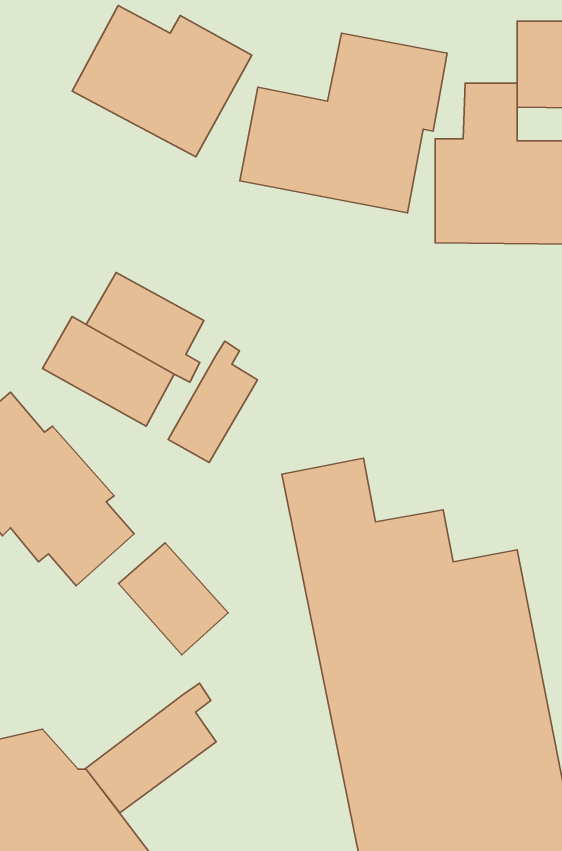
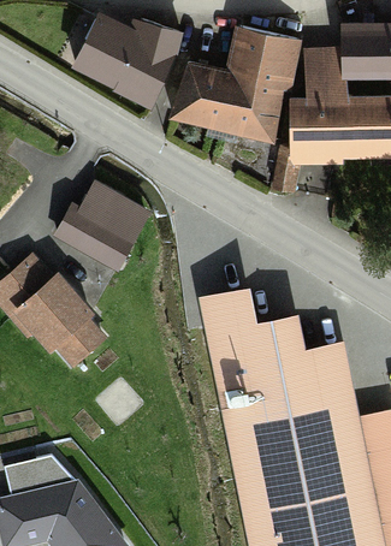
building: [168,341,258,462] -> none
building: [119,543,228,655] -> none
building: [86,683,216,813] -> none

